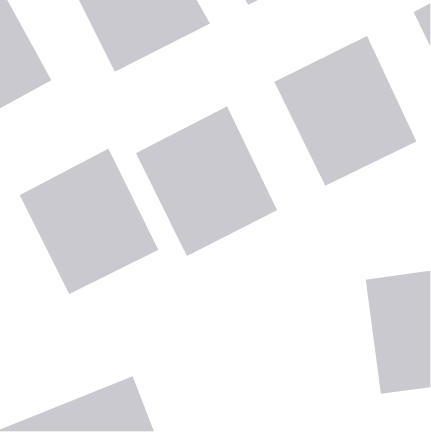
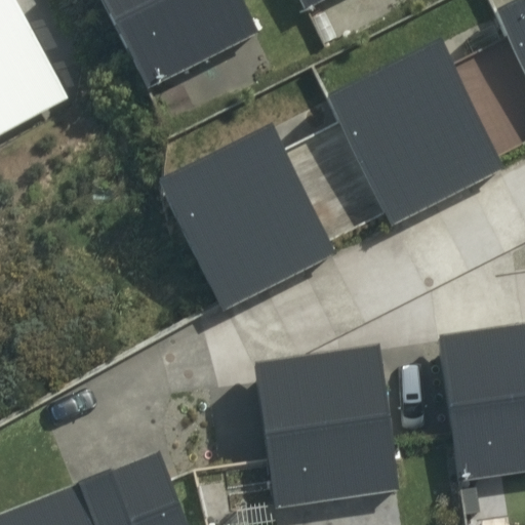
building: [19,147,160,295] -> none
building: none -> [254,349,401,507]

